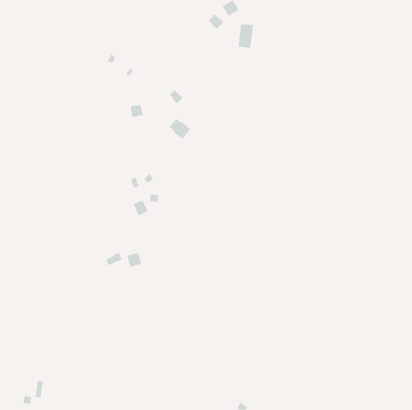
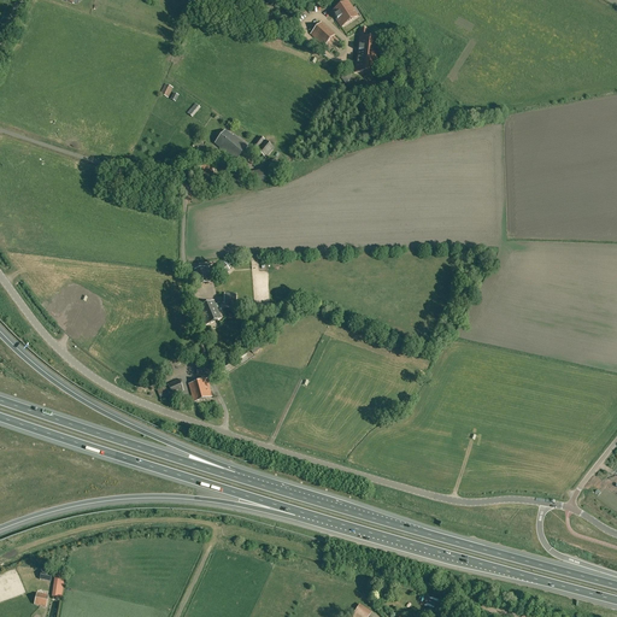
building: [169,118,191,140] -> [215,128,247,160]

